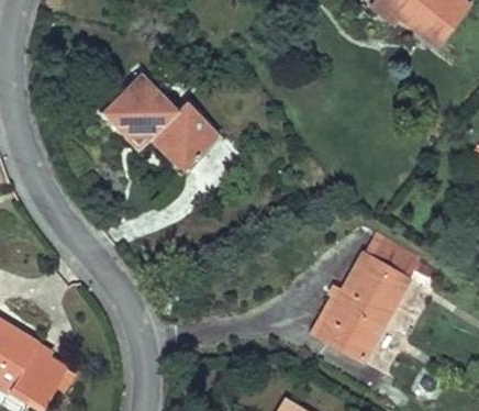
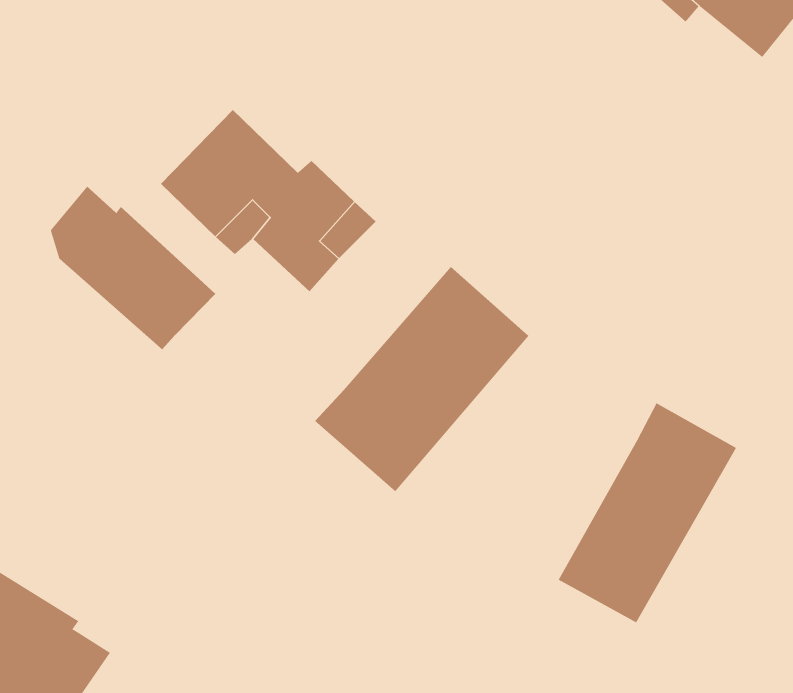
building: none -> [50,186,216,350]
building: none -> [314,266,529,492]

